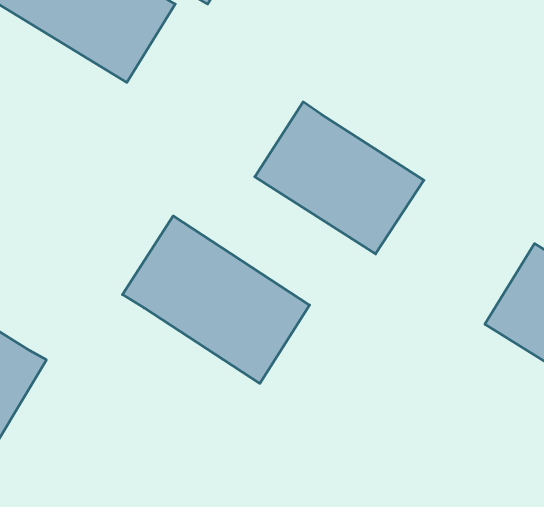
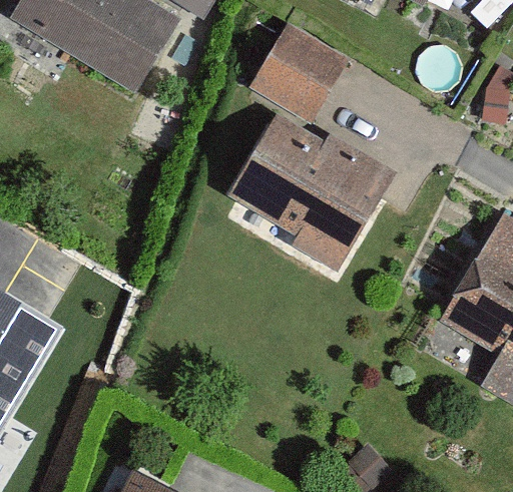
building: none -> [247,29,338,118]
building: [122,216,310,383] -> none

